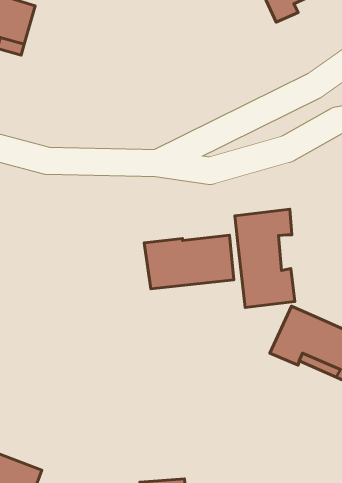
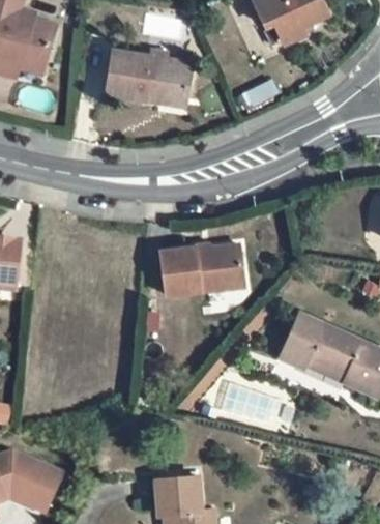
building: none -> [106,52,192,108]
building: [235,209,295,308] -> none

